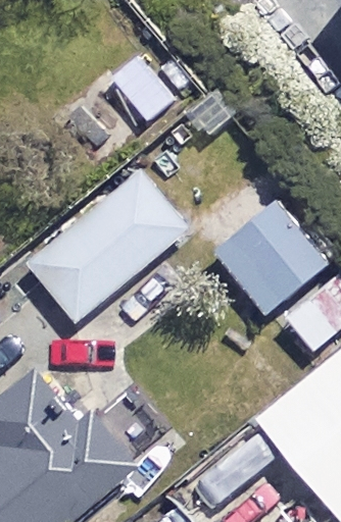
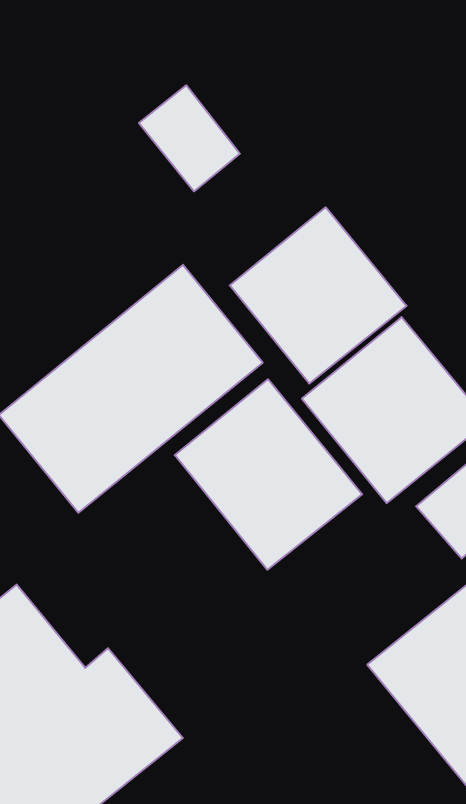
building: none -> [230,207,407,384]
building: none -> [175,379,362,570]

